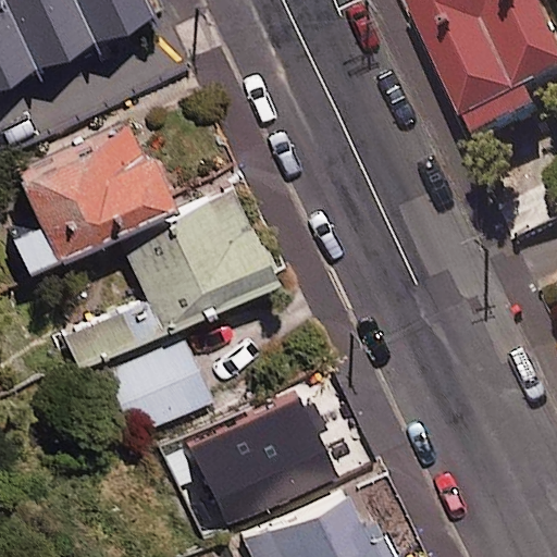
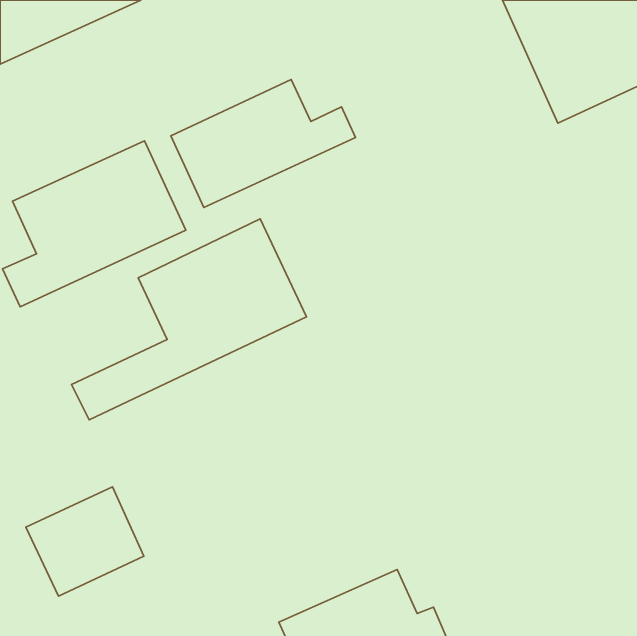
building: none -> [171,80,356,208]
building: [108,341,210,435] -> [26,487,144,596]
building: [220,386,360,534] -> none

